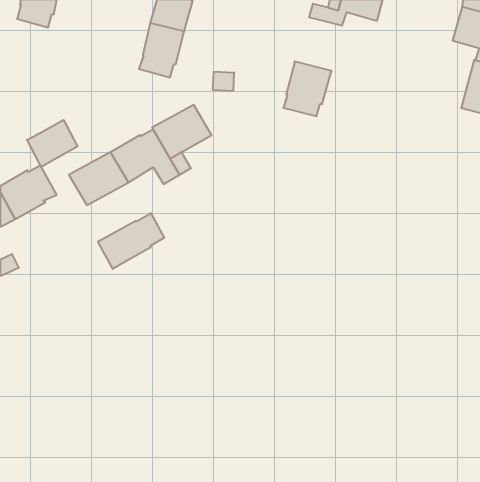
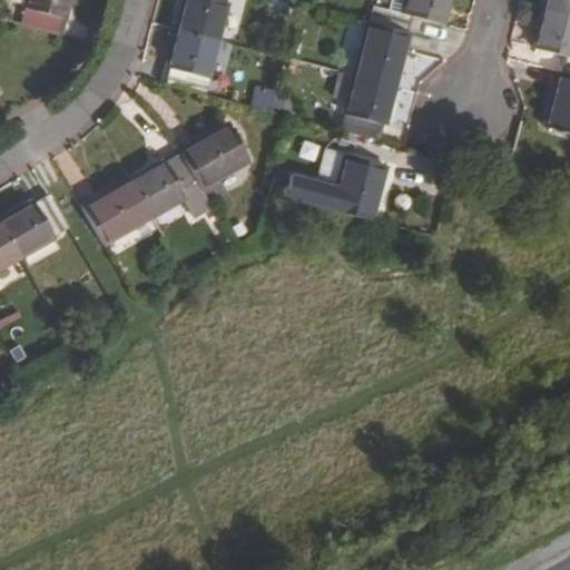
building: none -> [351,19,410,83]
building: [27,120,77,167] -> none
building: none -> [274,155,387,218]
building: [98,213,164,269] -> none

